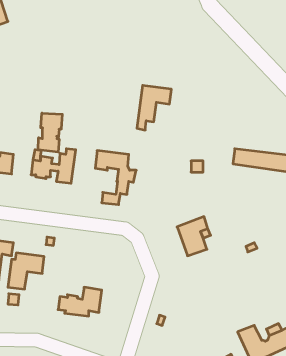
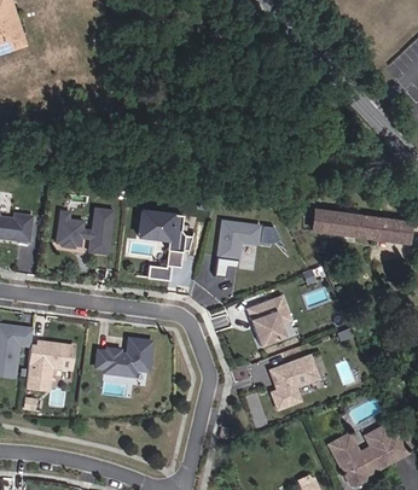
building: [137,85,171,130] -> [216,217,261,275]
building: [38,113,62,152] -> none
building: none -> [269,357,319,412]
building: [58,287,102,316] -> [94,340,151,378]

